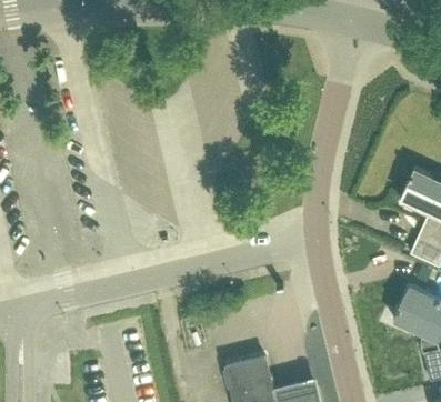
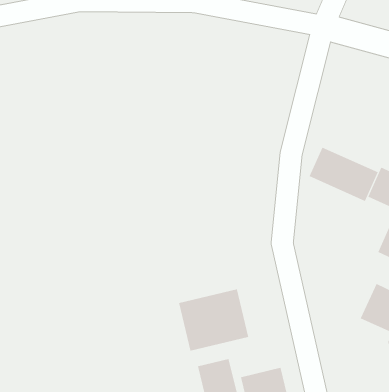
building: none -> [309,147,378,202]
building: none -> [179,289,249,352]

